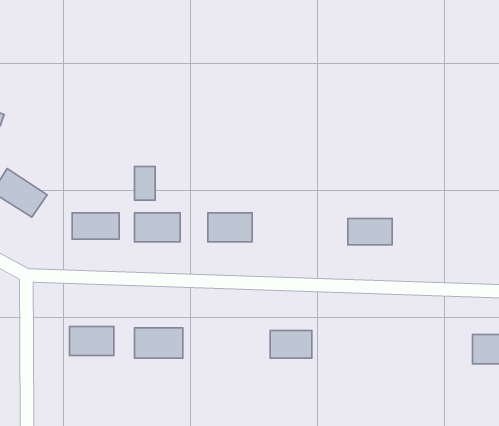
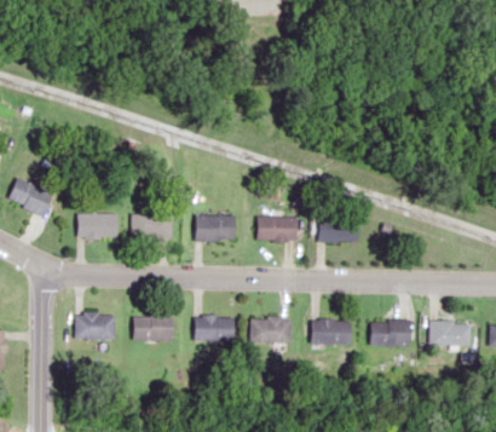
building: [134,166,155,200] -> none
building: none -> [258,217,296,241]
building: none -> [194,316,235,341]
building: none -> [311,319,351,344]
building: none -> [370,321,410,346]

